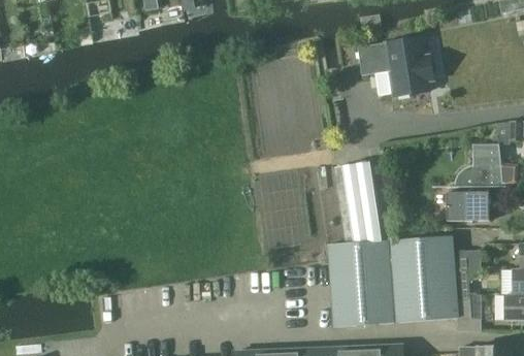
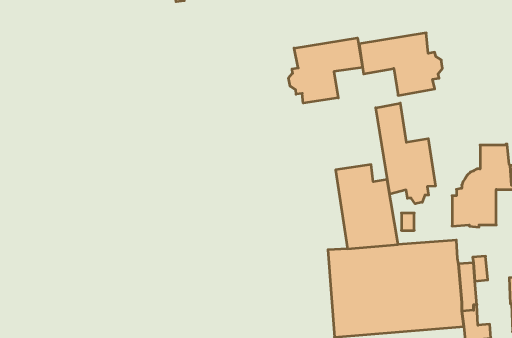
building: none -> [289,38,363,103]
building: none -> [376,103,435,204]

